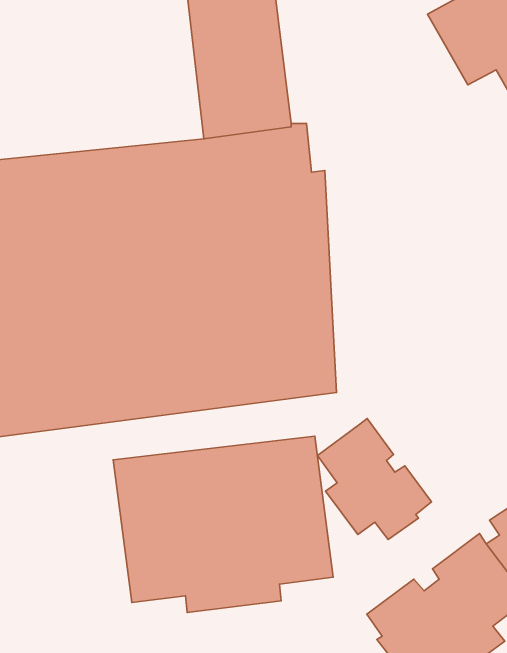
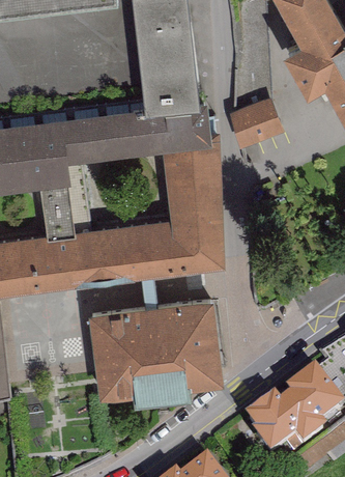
building: none -> [227,99,276,139]
building: [317,418,431,540] -> none

